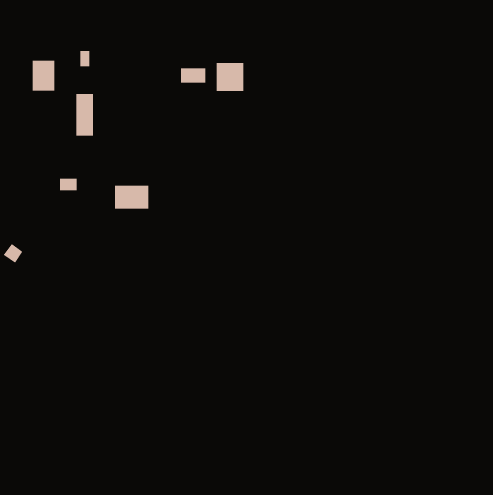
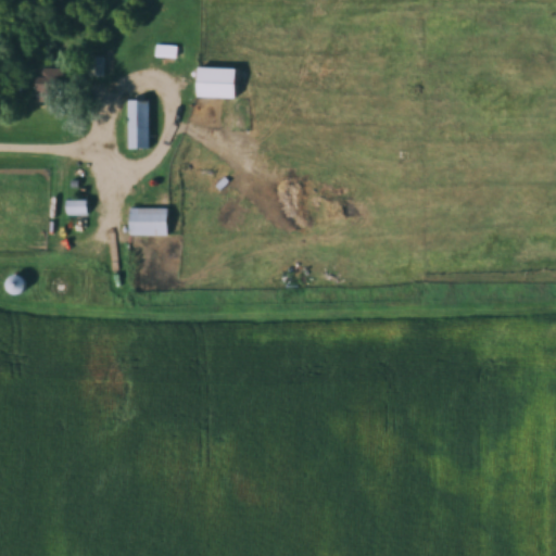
building: [216,62,244,92] -> none
building: [76,93,94,136] -> [128,99,149,147]

